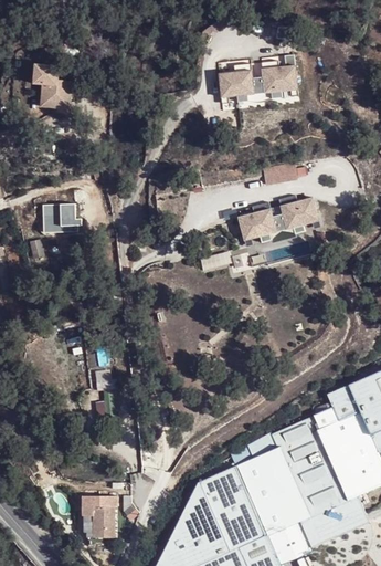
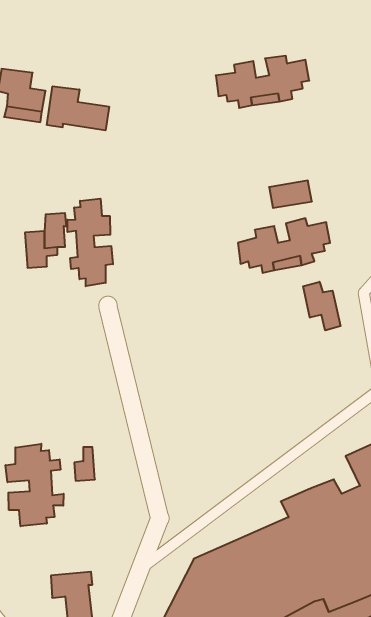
building: none -> [47,86,109,130]
building: none -> [68,199,113,286]
building: none -> [303,282,341,330]
building: none -> [6,444,64,526]

